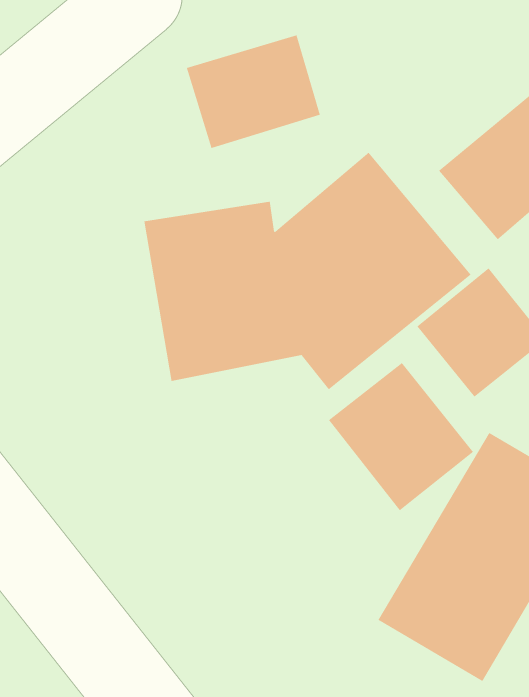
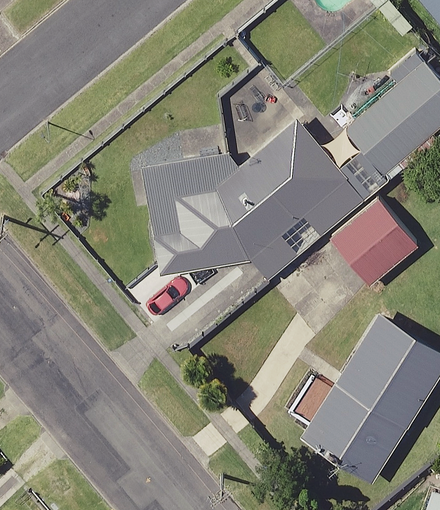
building: [186,35,321,149] -> none
building: [328,362,474,511] -> none

